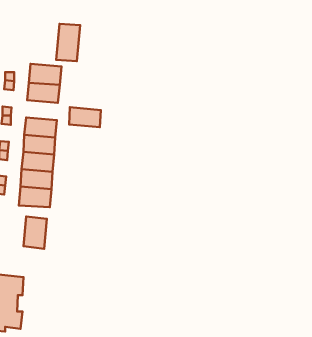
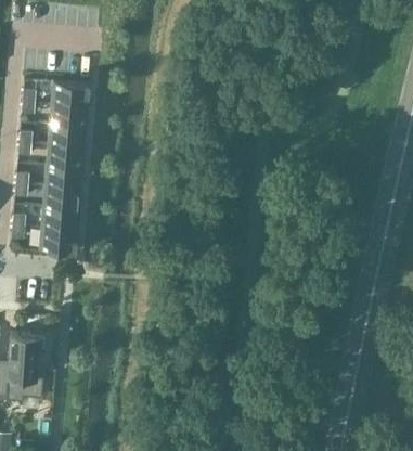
building: [56,24,80,61] -> none
building: [69,107,101,127] -> [47,126,85,150]
building: [24,216,47,249] -> none

